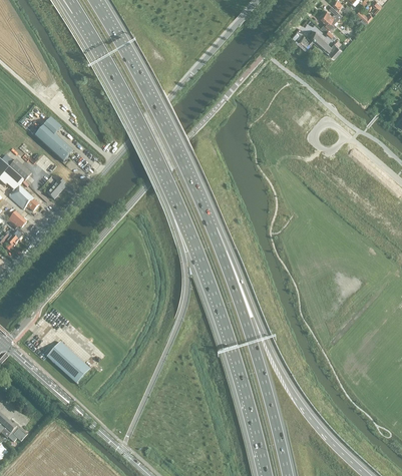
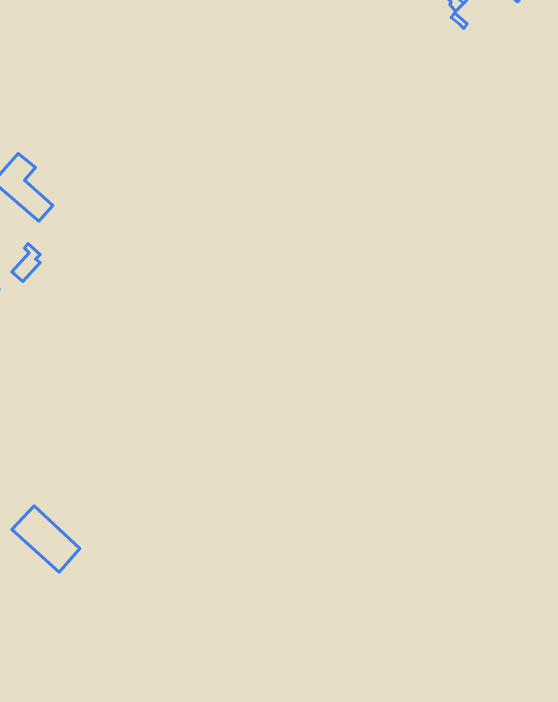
building: [297,29,340,55] -> none

